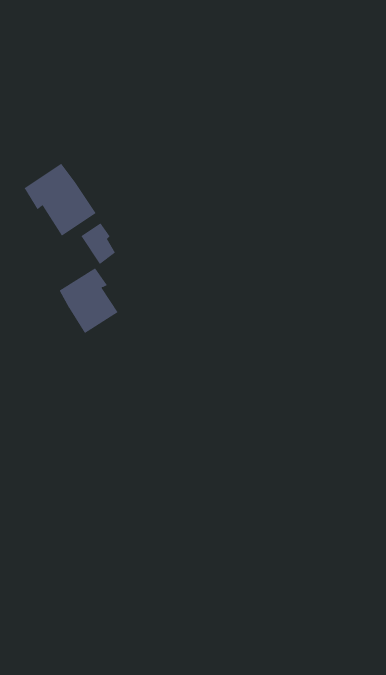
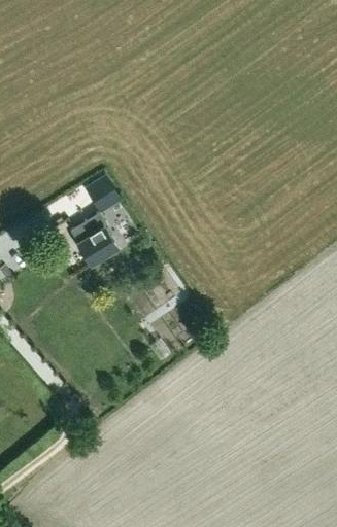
building: [24,163,97,236] -> none

